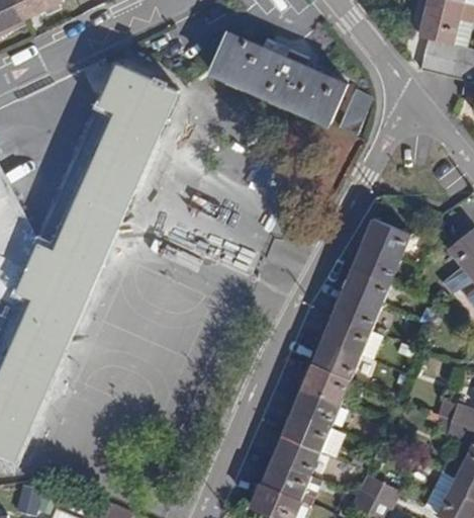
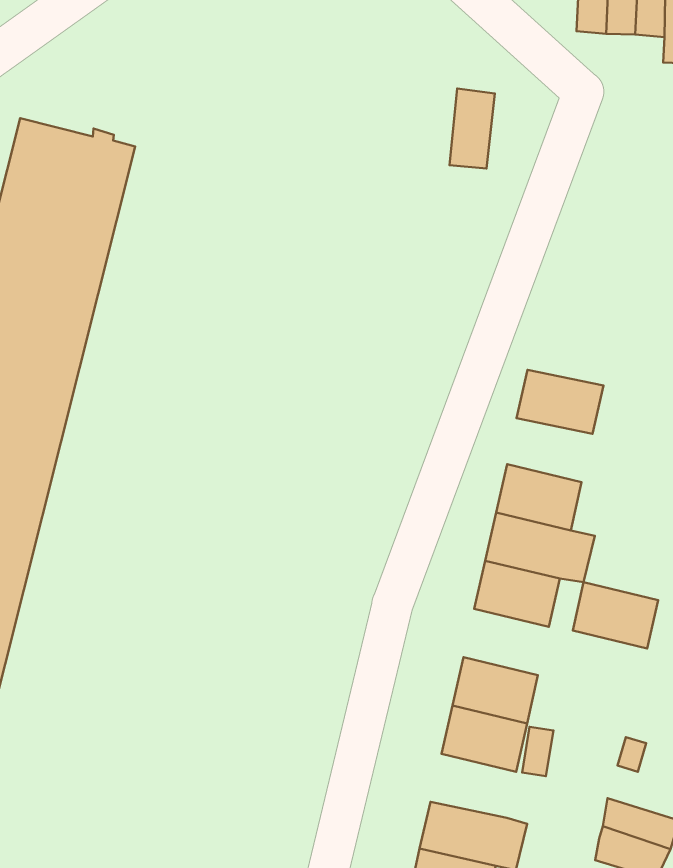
building: [211,31,346,122] -> none
building: [363,218,411,257] -> none
building: [344,266,391,306] -> none
building: [303,362,351,403] -> [573,582,658,648]
building: [273,435,320,474] -> none

